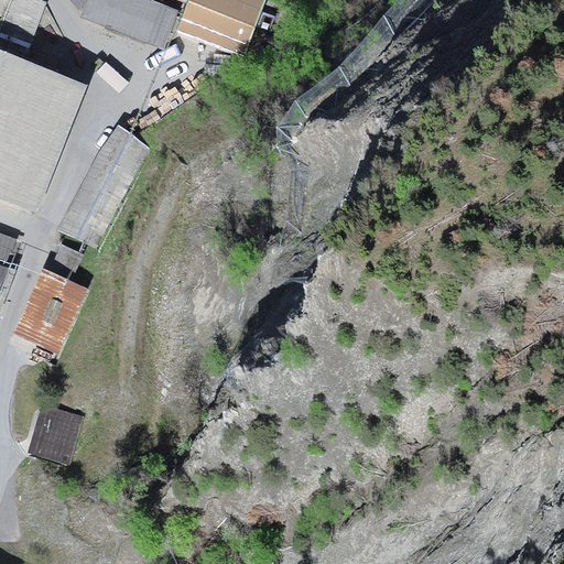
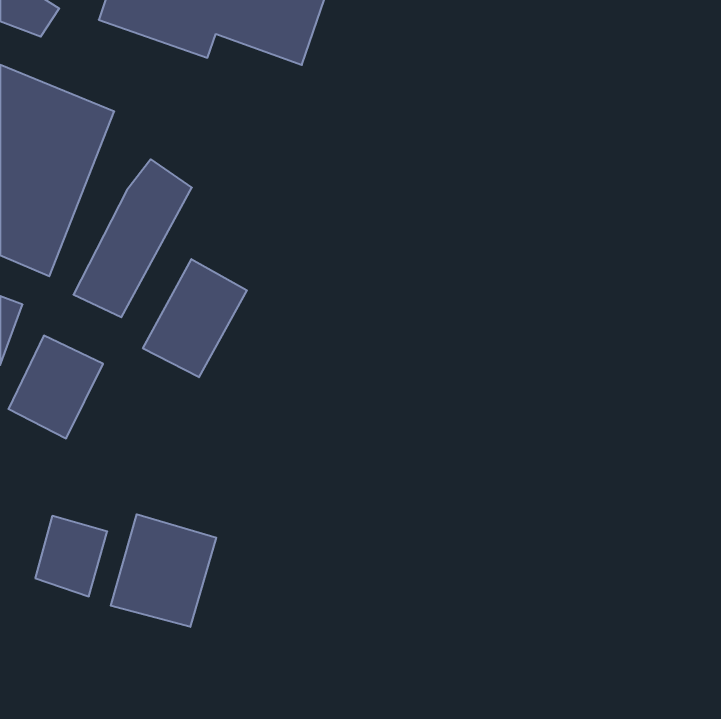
building: none -> [143,259,247,377]
building: none -> [111,514,216,627]

